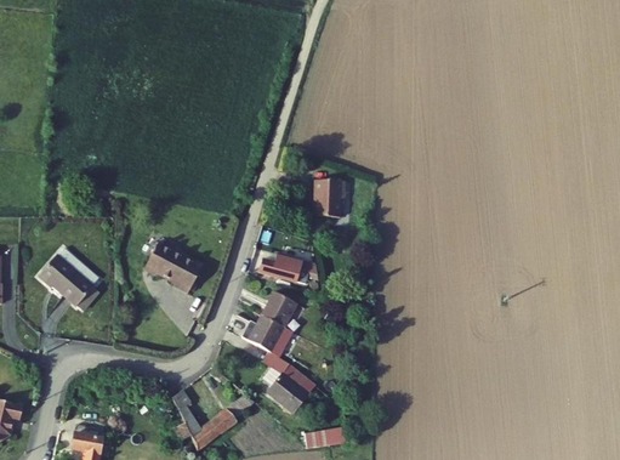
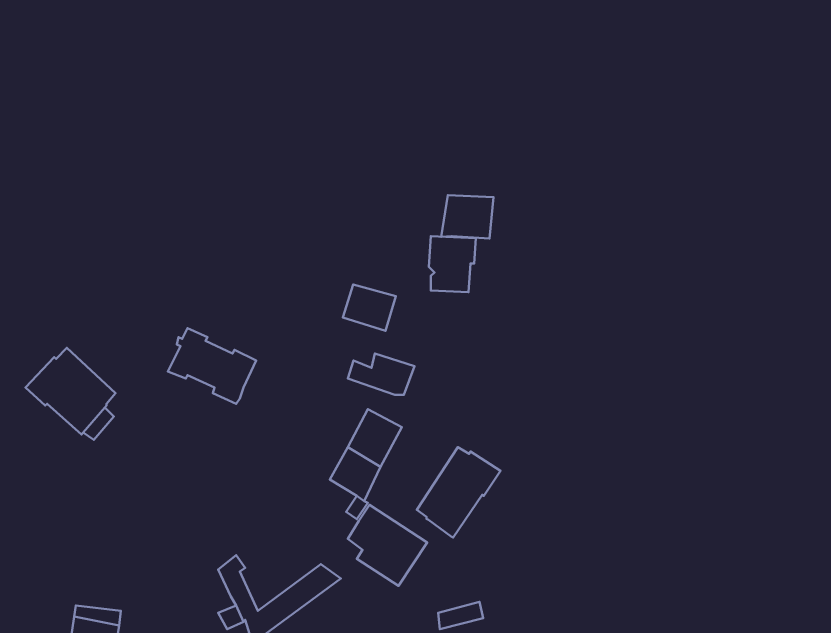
building: none -> [441,195,493,238]
building: none -> [343,285,396,331]
building: none -> [417,447,501,538]

